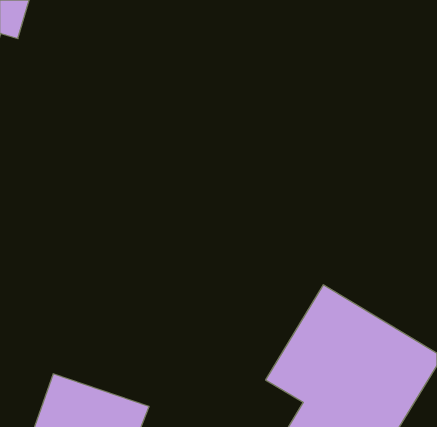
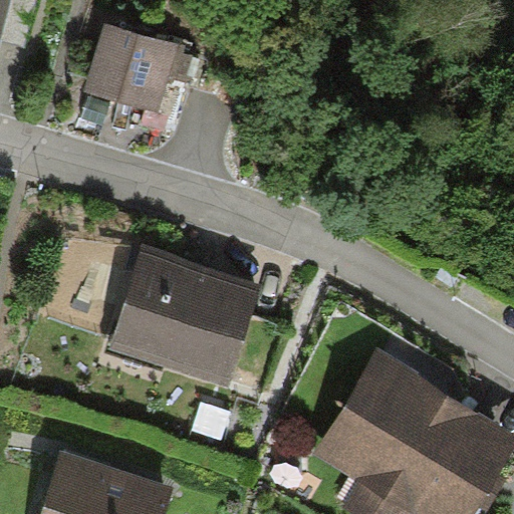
building: none -> [82,35,195,132]
building: none -> [113,249,251,378]

